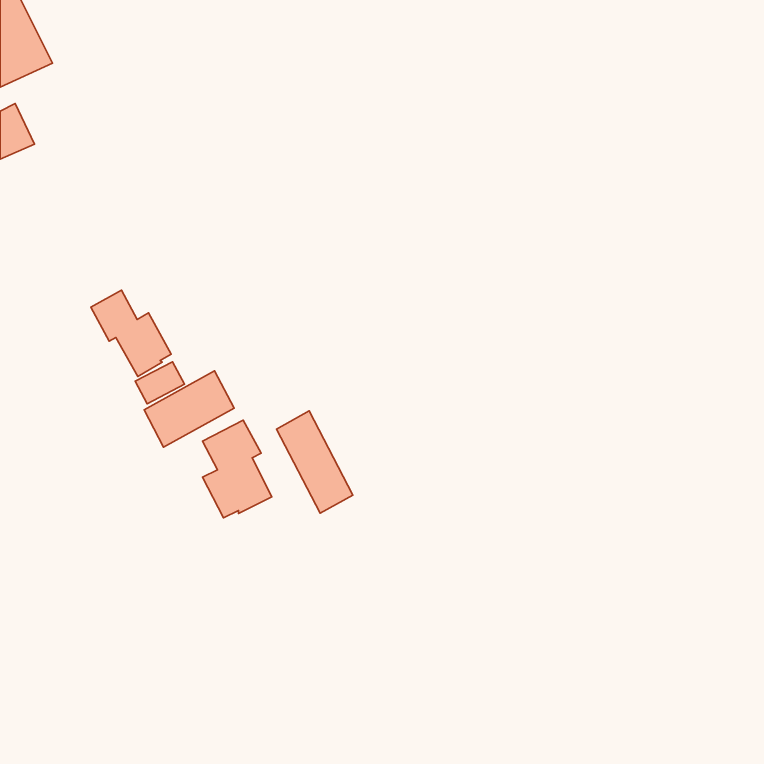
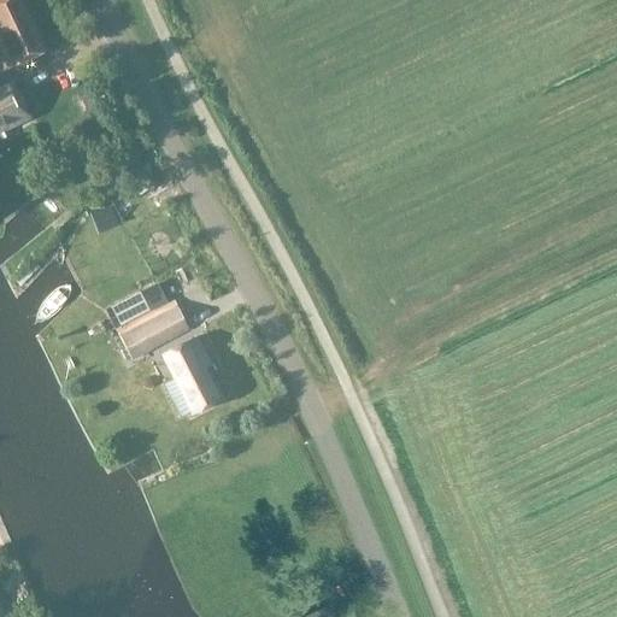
building: [91,290,171,376] -> none
building: [277,411,353,513] -> none

